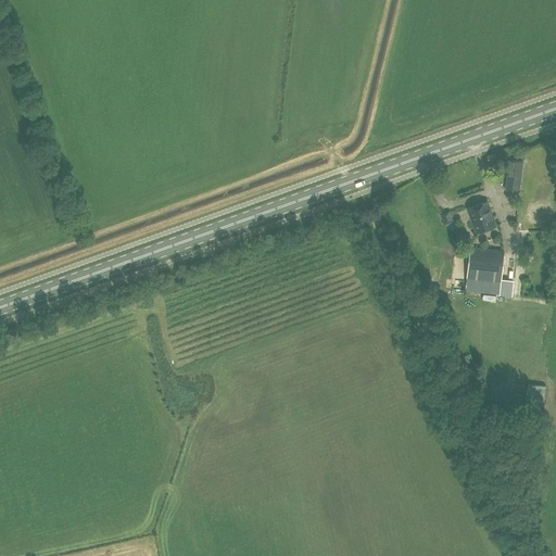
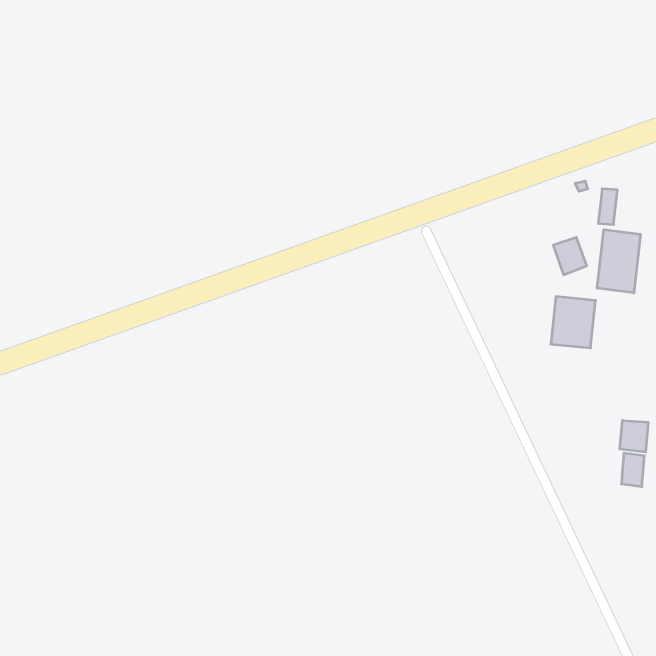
building: none -> [597,230,640,293]
building: none -> [620,420,648,452]

